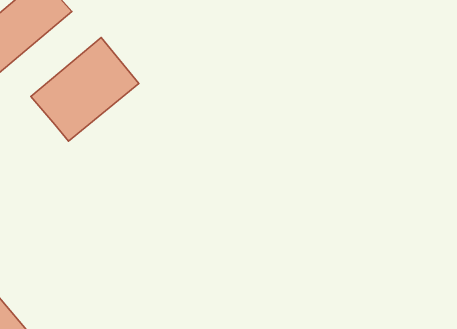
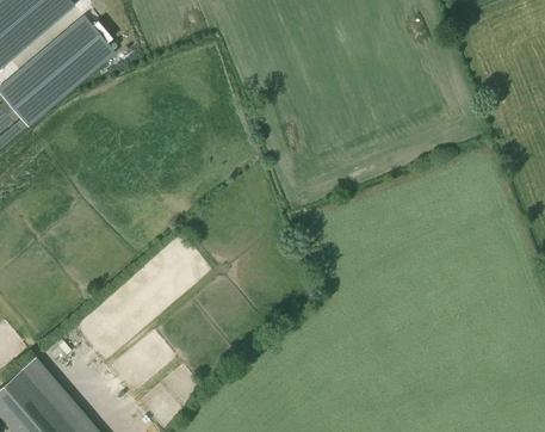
building: [31,38,139,141] -> none

